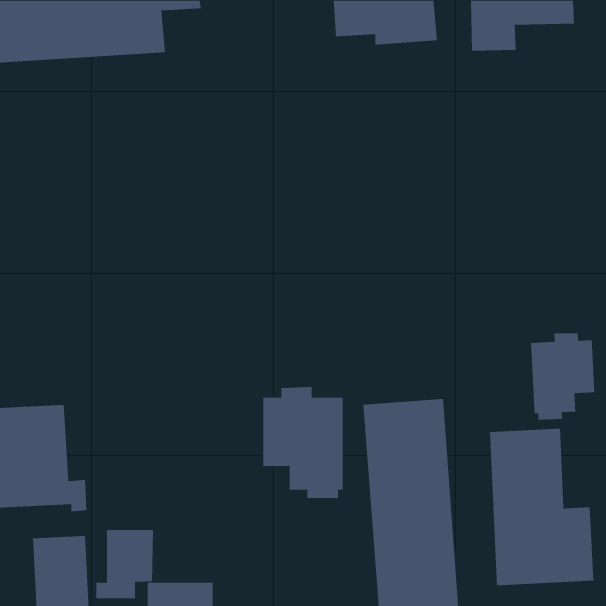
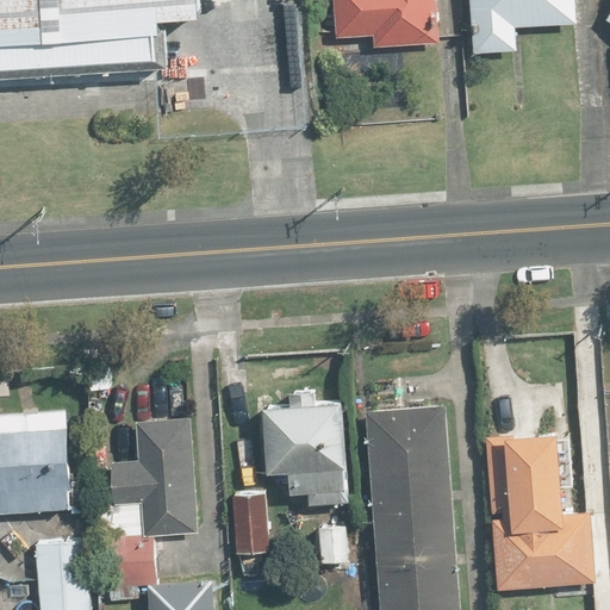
building: [531,333,595,421] -> none
building: none -> [110,418,192,533]
building: none -> [231,493,267,554]

